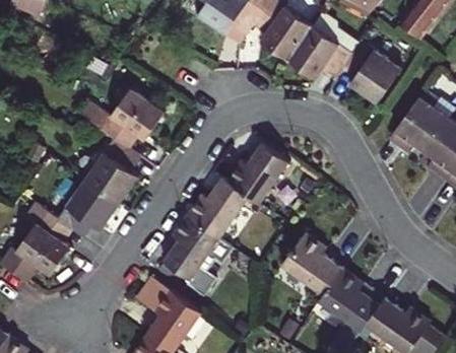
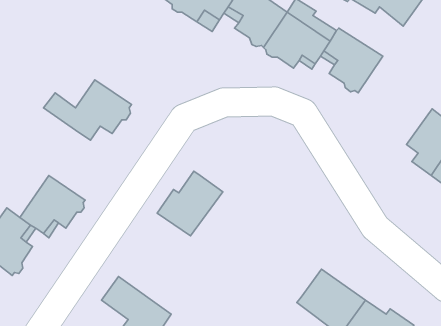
building: [388,91,447,153] -> none
building: [84,140,137,204] -> none
building: [227,143,288,202] -> none
building: [161,216,231,299] -> none
building: [280,232,342,295] -> none

